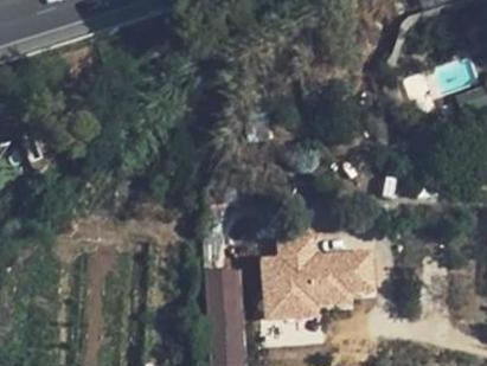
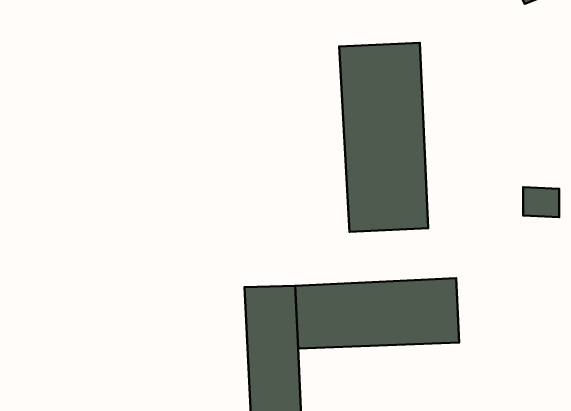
building: none -> [339,43,428,232]

